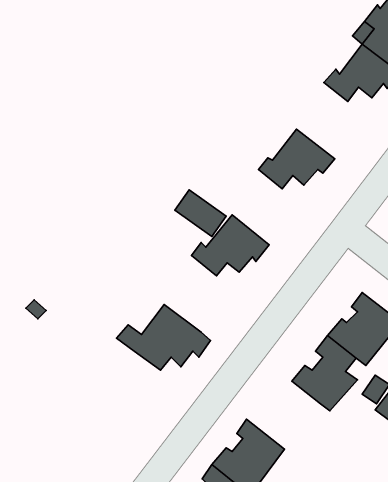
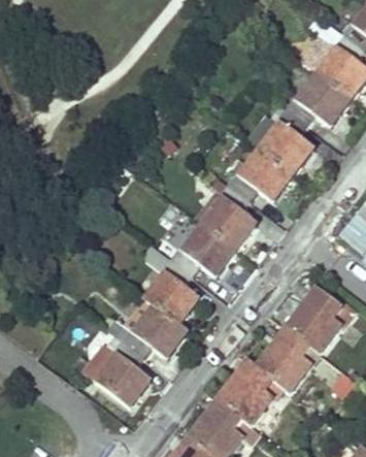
building: none -> [261,107,309,173]
building: none -> [196,183,251,248]
building: none -> [144,244,195,323]
building: none -> [98,339,144,404]
building: none -> [218,360,281,424]

